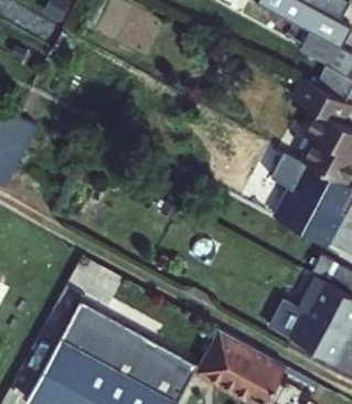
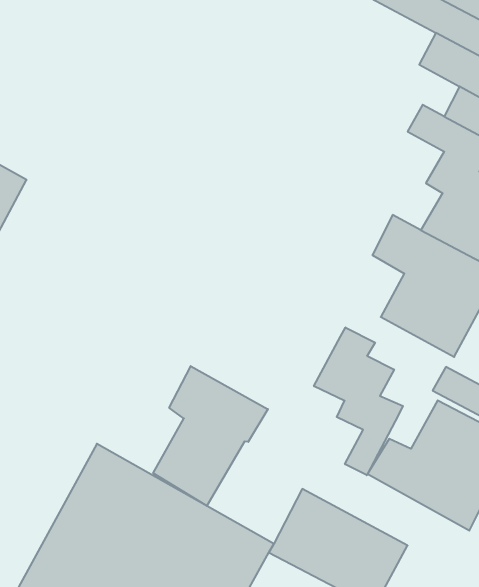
building: none -> [314,327,403,475]
building: none -> [153,366,268,506]

